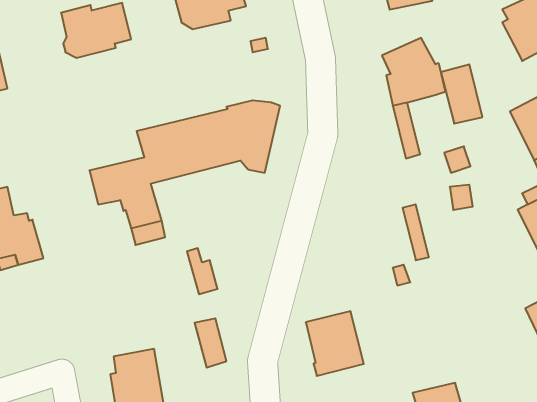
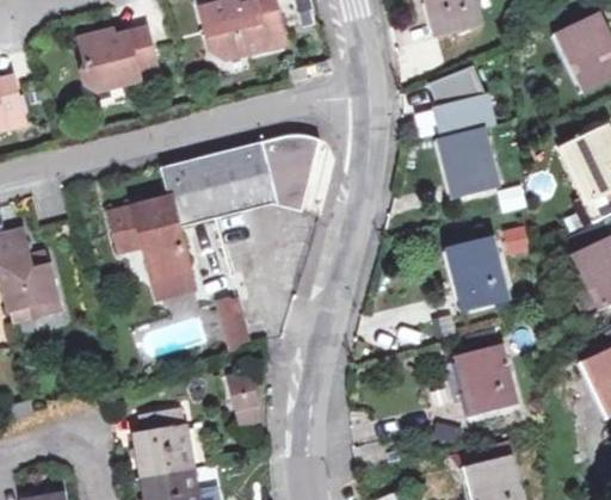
building: [441,64,482,124] -> [456,129,501,193]
building: none -> [465,240,511,305]
building: [306,311,364,376] -> [455,346,518,416]

